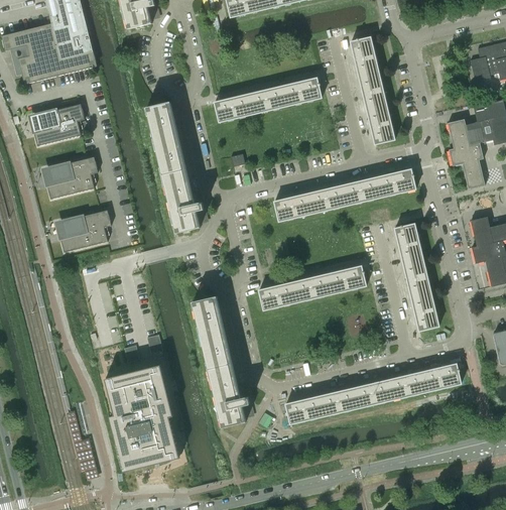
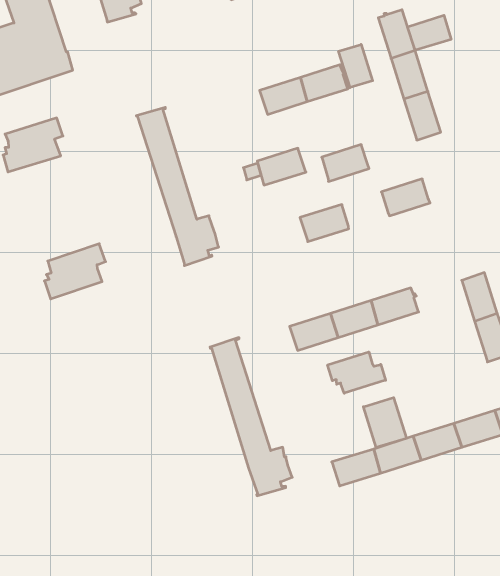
building: none -> [408,15,451,50]
building: none -> [339,44,373,88]
building: [215,94,254,122] -> [257,148,306,185]
building: [47,156,98,199] -> none
building: [377,168,415,197] -> none
building: [309,184,348,213] -> [322,145,369,181]
building: [394,223,422,262] -> none
building: none -> [328,352,386,393]
building: none -> [363,398,407,448]
building: [105,364,180,470] -> none

